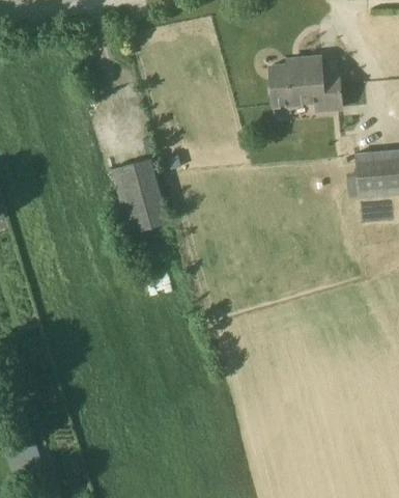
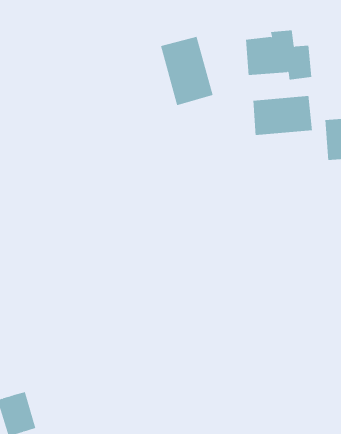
building: none -> [253,95,312,136]
building: [111,159,168,233] -> [160,36,214,106]

